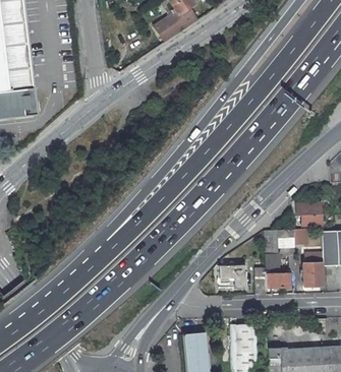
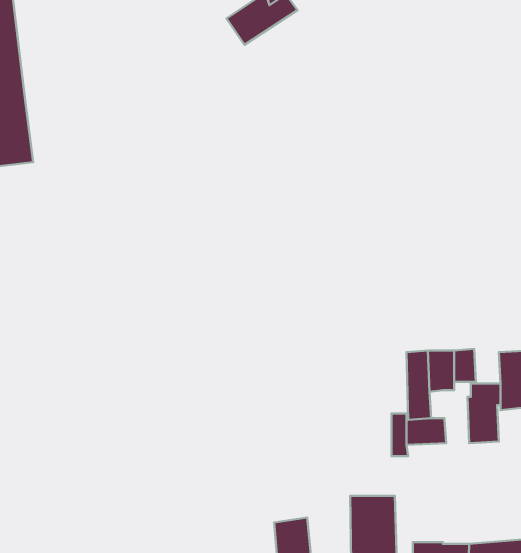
building: [297,202,323,227] -> none
building: [220,265,246,288] -> none

